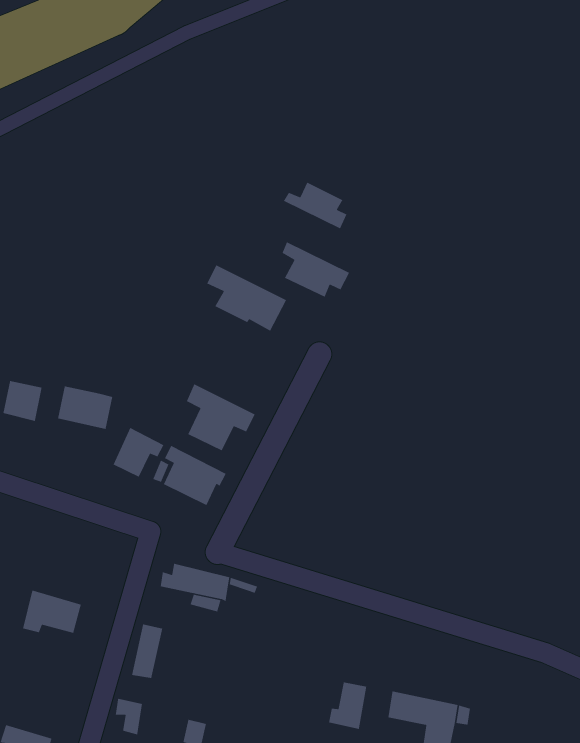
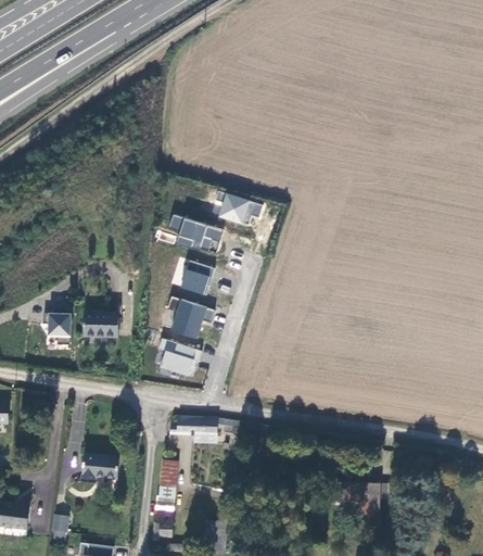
building: [283,181,347,229] -> none
building: none -> [180,261,215,295]
building: [113,427,164,478] -> none
building: [328,681,367,730] -> none

